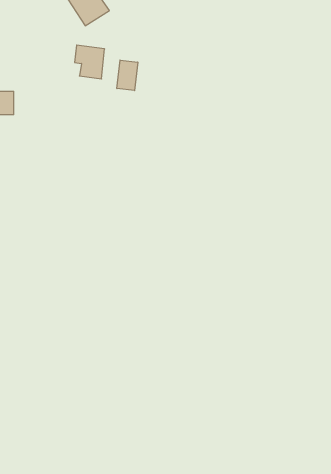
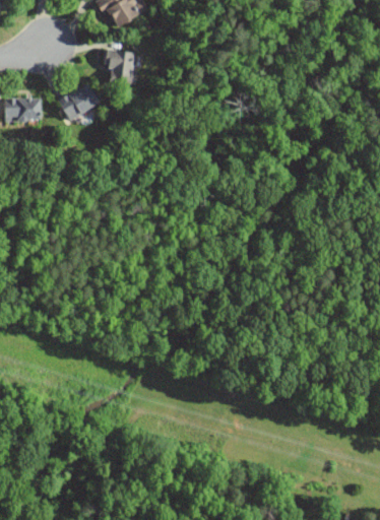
building: [117,60,138,91] -> none
building: none -> [58,82,98,120]

